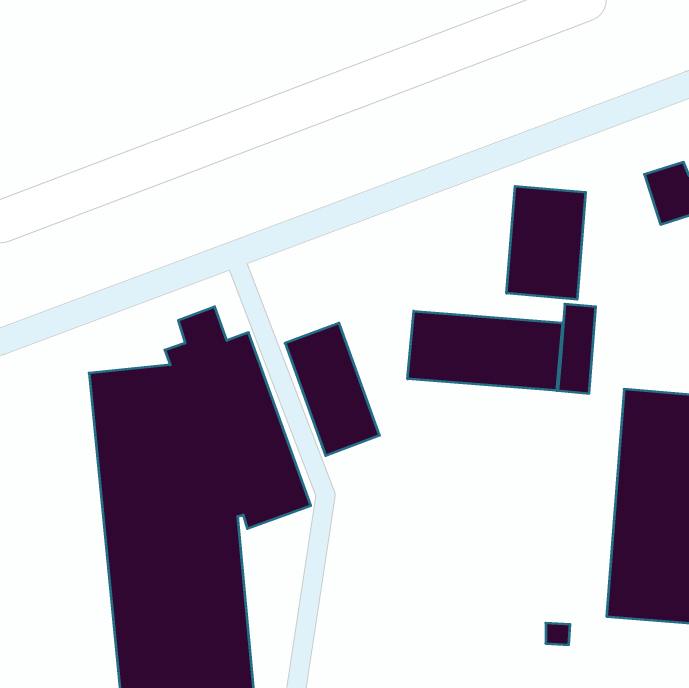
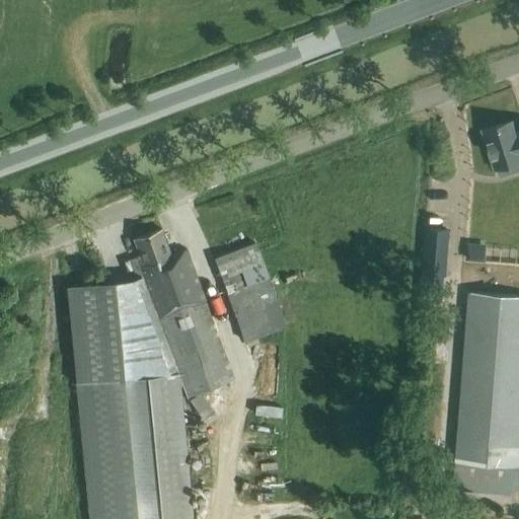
building: [507,186,586,299] -> none
building: [408,311,563,391] -> none

